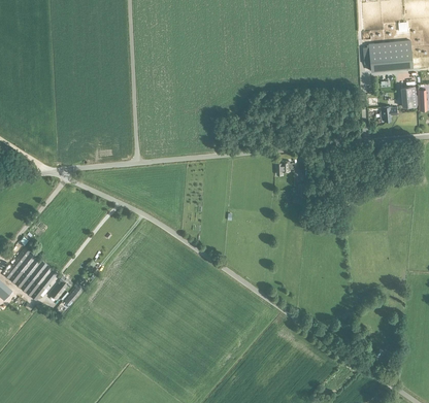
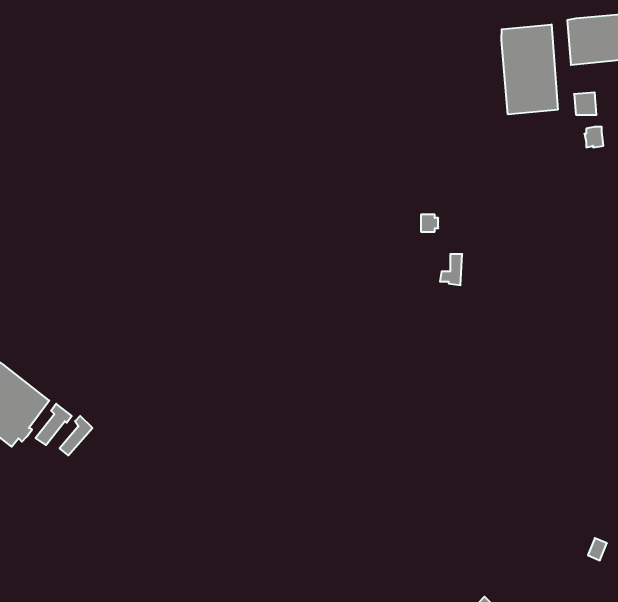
building: none -> [502,24,558,114]

